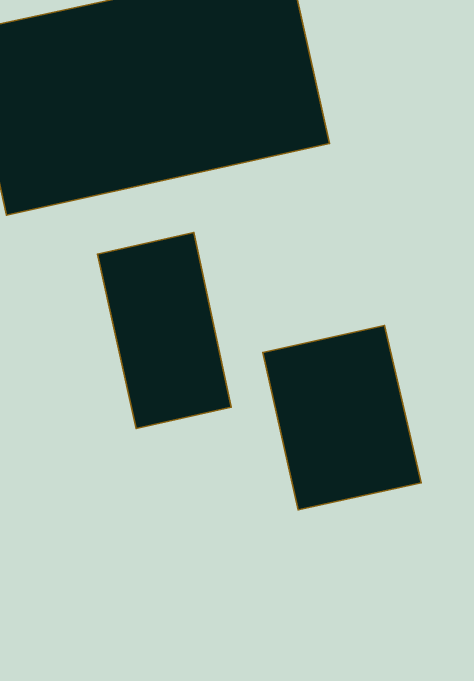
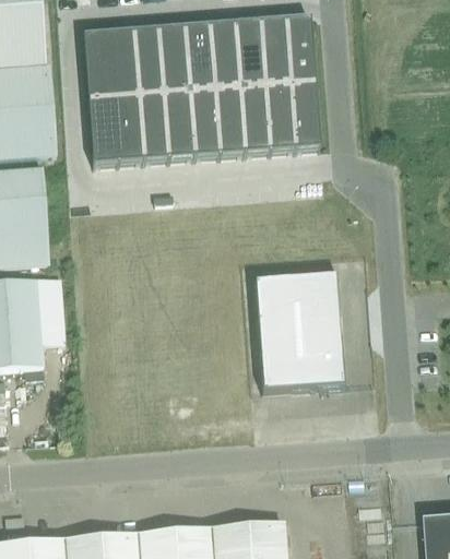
building: [98,232,231,428] -> none

